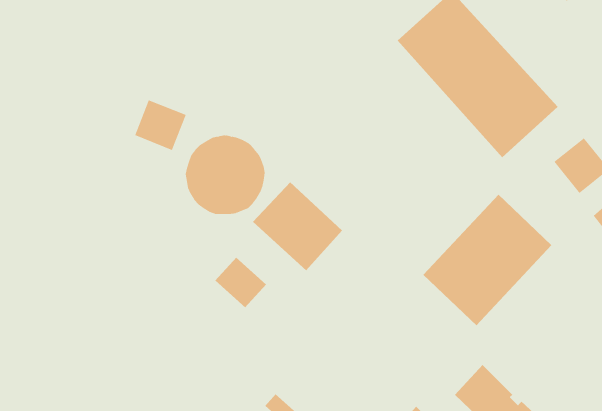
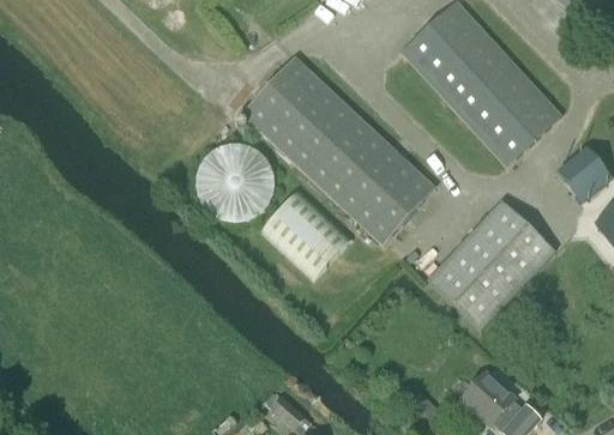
building: none -> [242,54,437,243]
building: [134,99,187,151] -> none
building: [215,257,267,308] -> none

